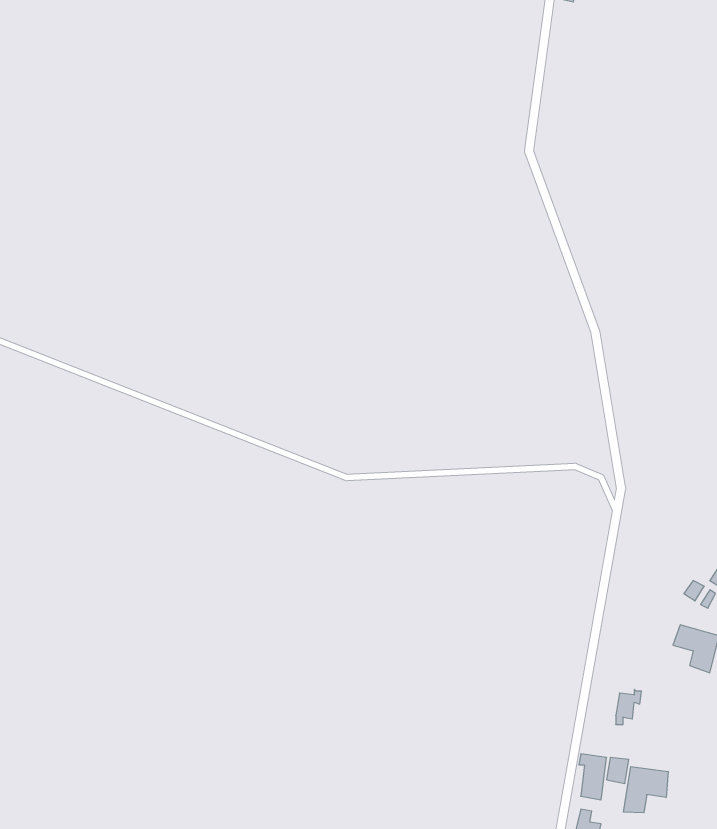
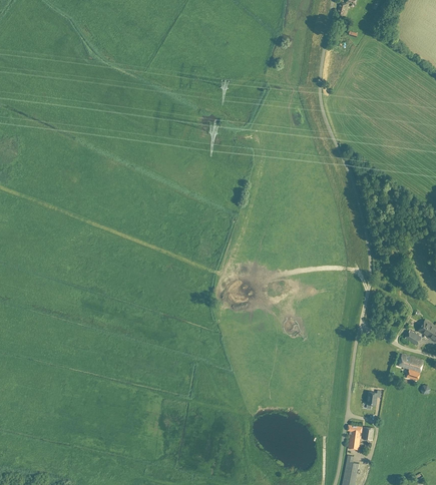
building: [624,767,668,813] -> none

